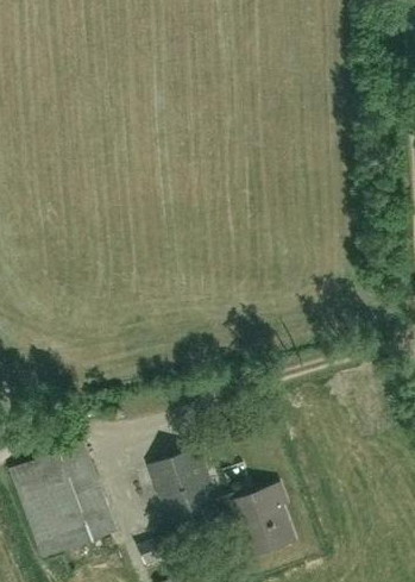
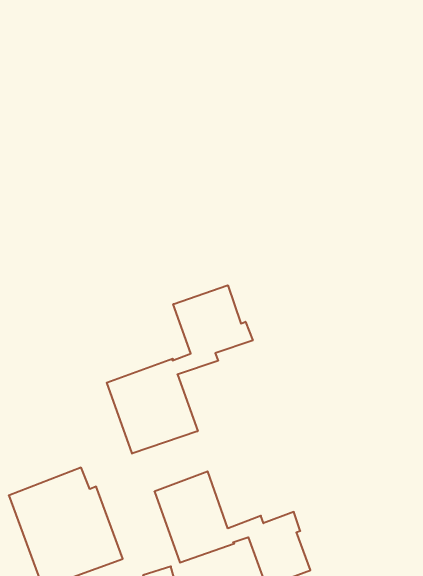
building: none -> [107,285,253,454]

